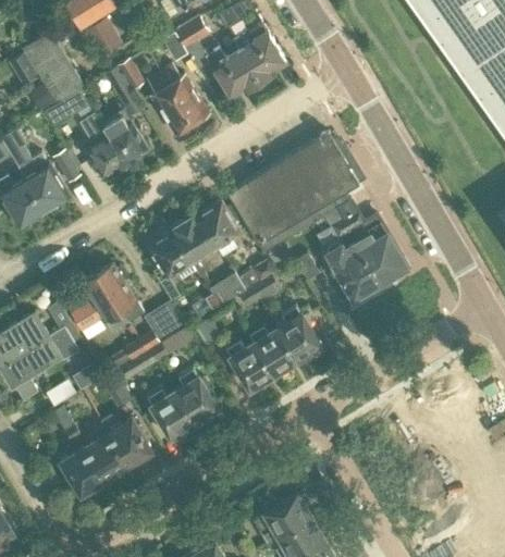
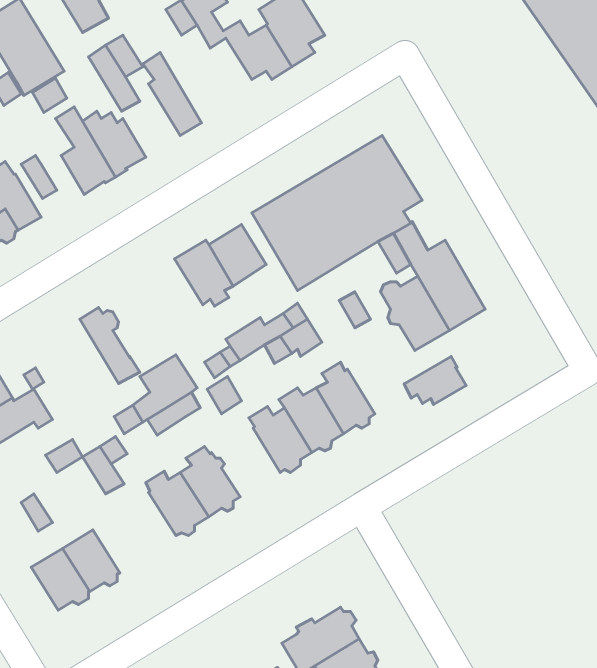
building: [160,65,209,125] -> none
building: [149,232,197,281] -> none
building: [71,274,128,333] -> none
building: none -> [404,356,466,405]
building: [103,417,153,467] -> none

